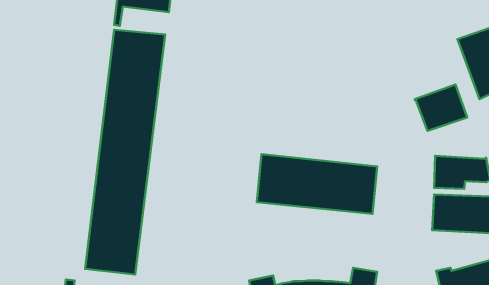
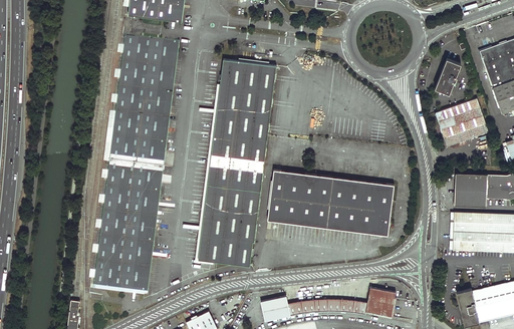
building: none -> [436,58,461,93]
building: none -> [198,59,275,266]

